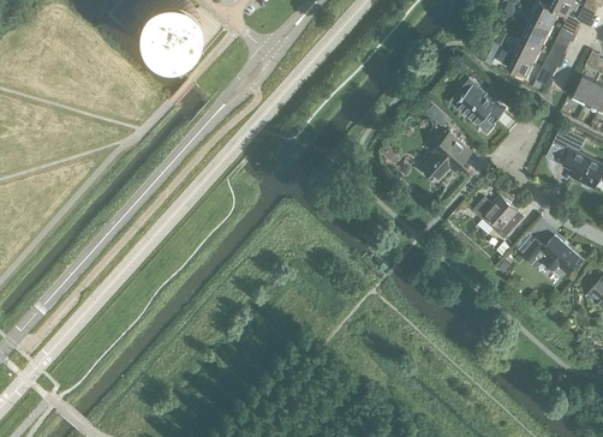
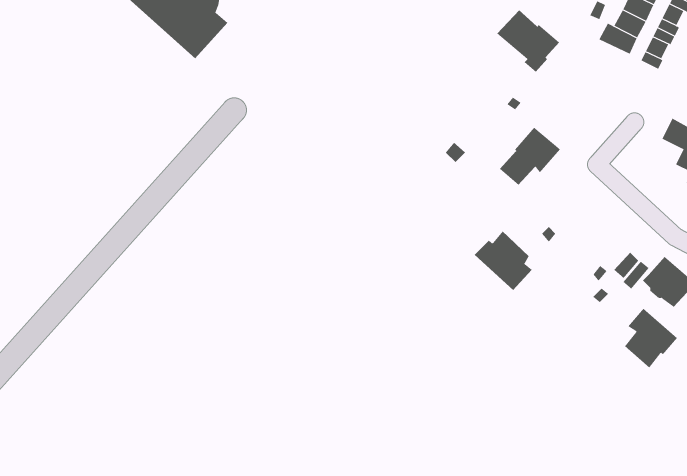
building: [455,84,506,134] -> [497,9,560,73]
building: [473,191,520,239] -> [474,231,533,291]
building: none -> [624,308,678,368]

